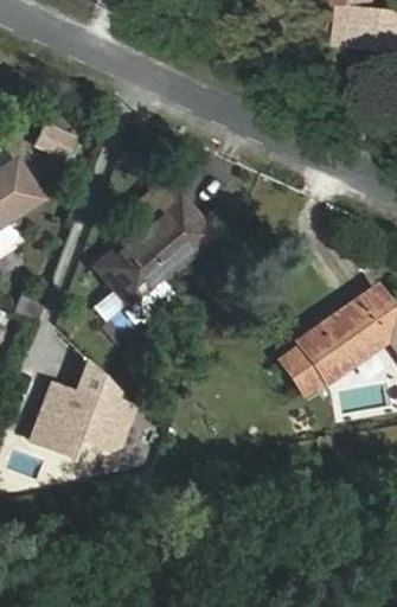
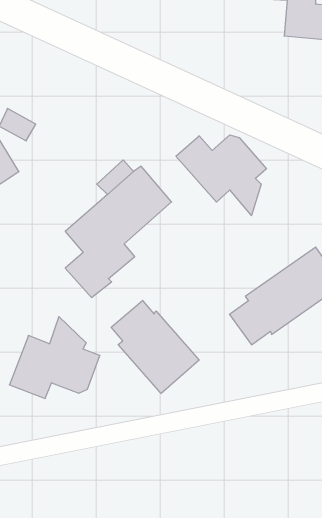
building: none -> [176,135,266,216]
building: none -> [111,300,199,393]

